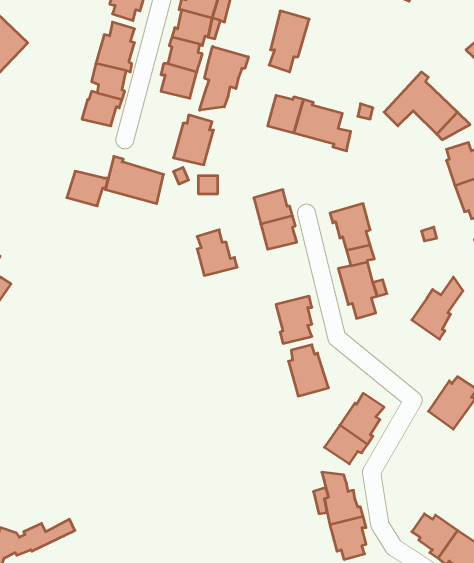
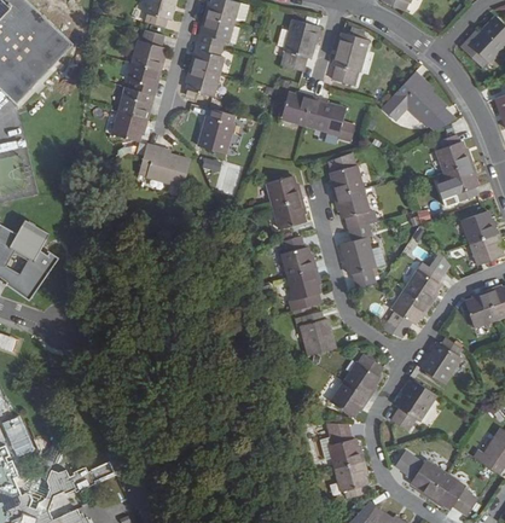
building: none -> [331,33,366,86]
building: [200,46,248,110] -> none
building: none -> [327,151,364,196]
building: [67,171,108,206] -> [111,114,147,144]
building: [197,230,237,275] -> [281,236,317,275]
building: none -> [390,289,430,330]
building: none -> [391,379,436,430]

